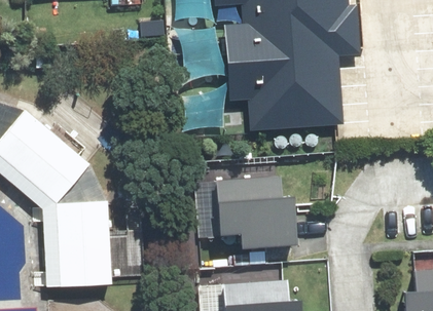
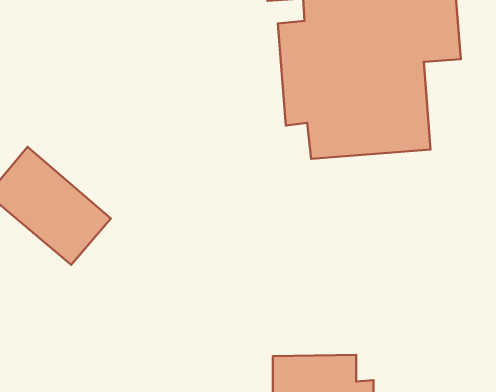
building: [211,176,298,249] -> none
building: [64,209,117,296] -> none

